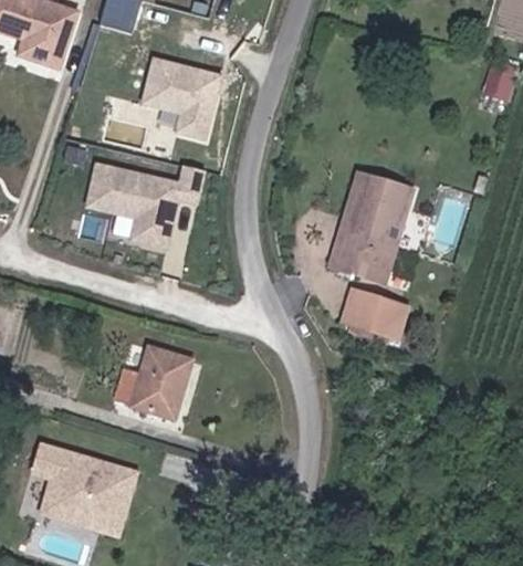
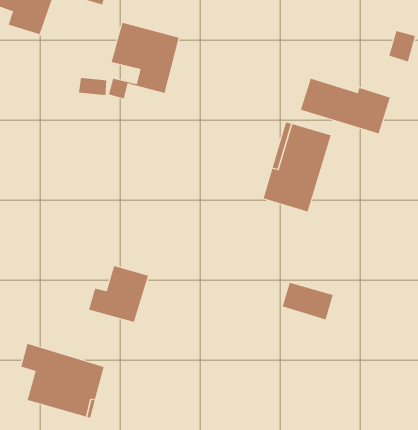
building: none -> [300,78,390,134]
building: [87,160,209,249] -> none
building: [343,292,406,338] -> [282,282,333,320]

